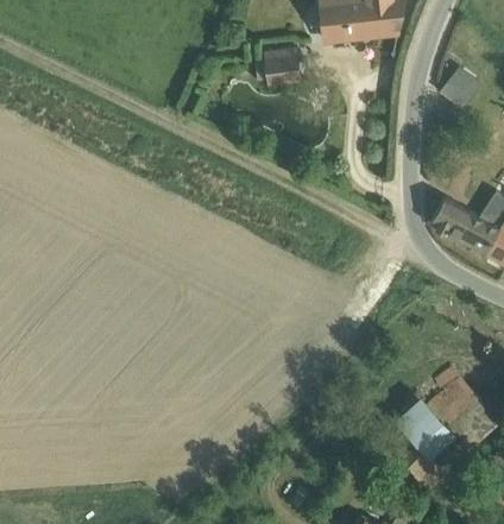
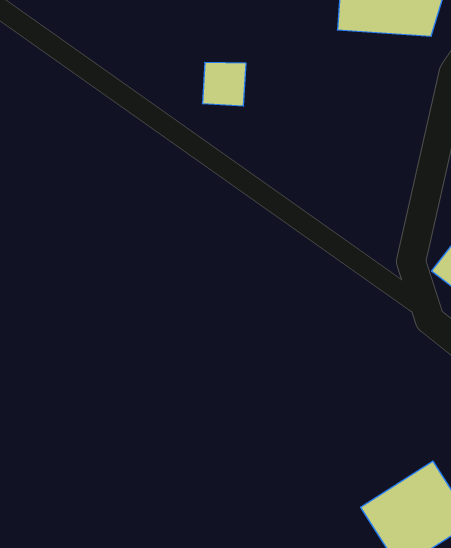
building: [264,46,301,84] -> [202,62,246,106]

